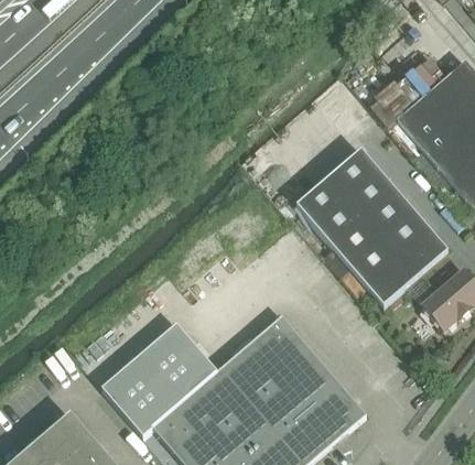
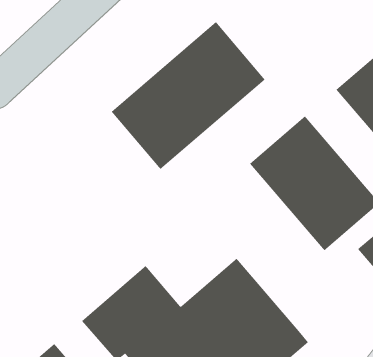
building: none -> [111,21,266,170]

